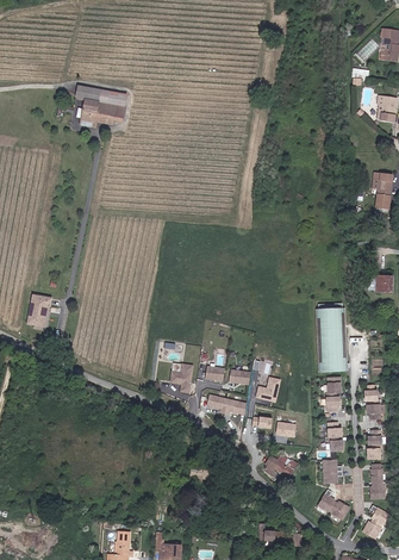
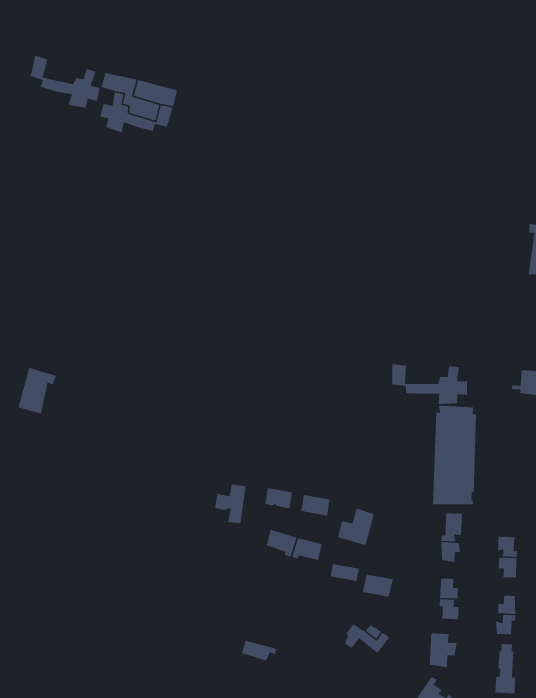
building: none -> [30,54,101,109]
building: none -> [391,364,468,405]

